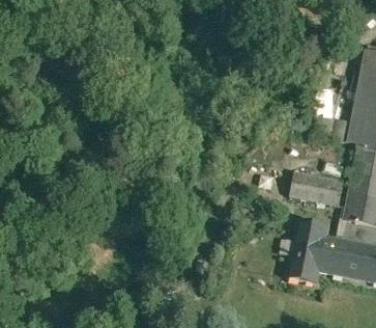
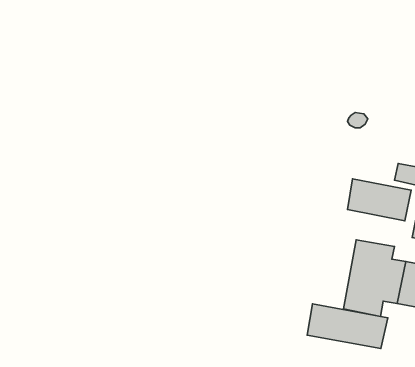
building: none -> [307,304,388,348]

